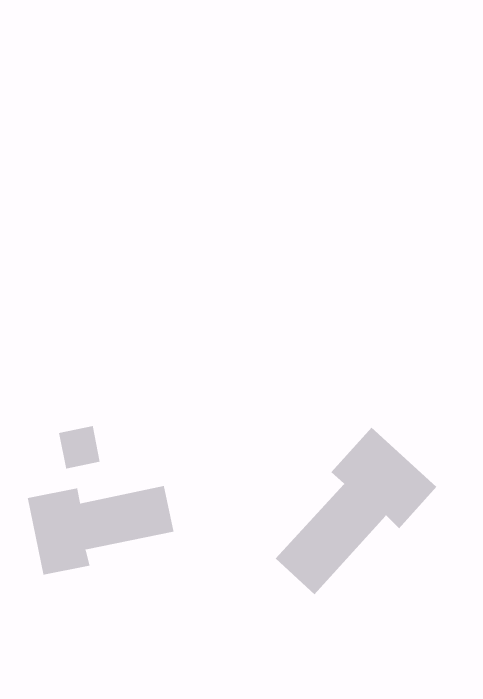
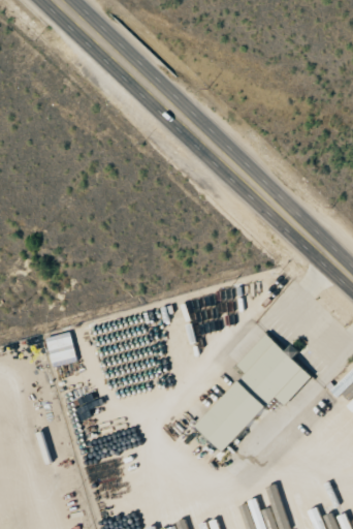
building: [27,485,174,575] -> none

